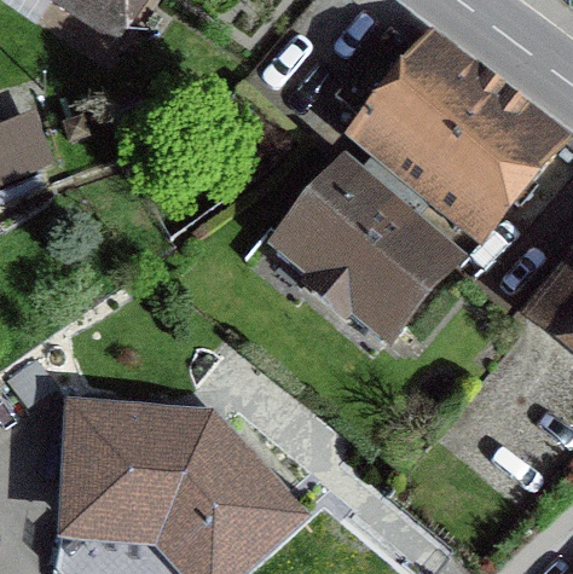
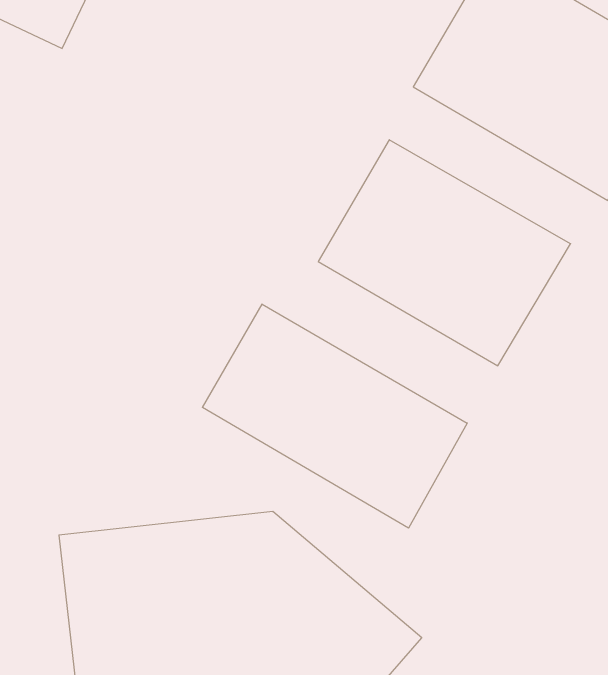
building: none -> [202,304,467,528]

